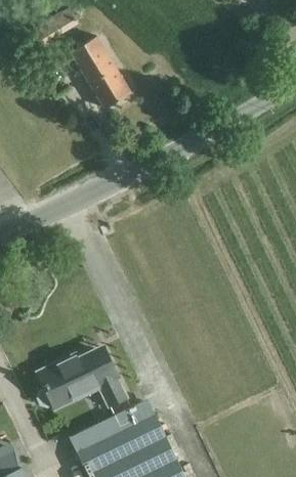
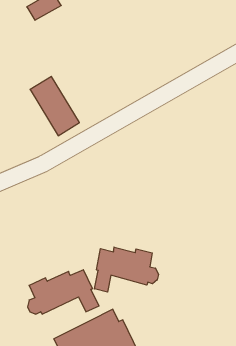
building: [69,34,130,107] -> [30,76,79,136]
building: none -> [94,247,158,292]

